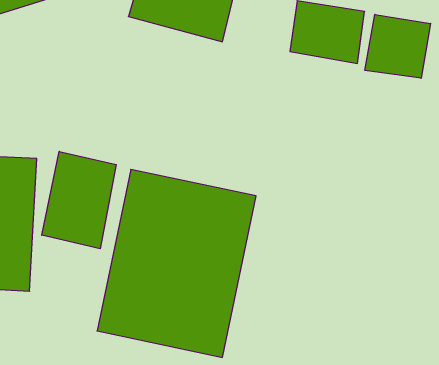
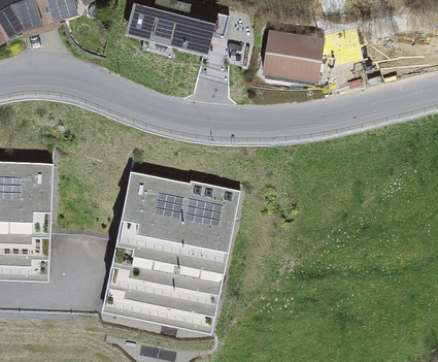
building: [365,14,431,78] -> none
building: [42,151,116,249] -> none

